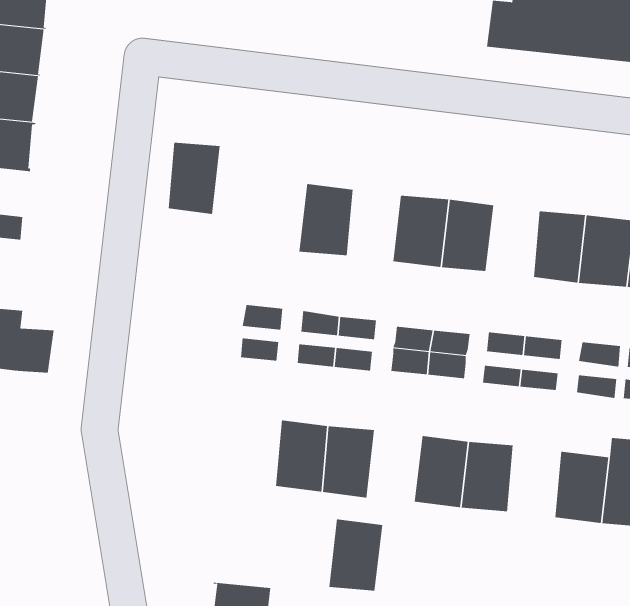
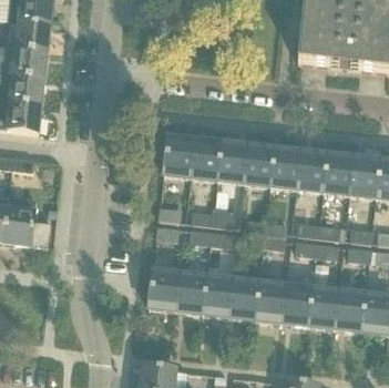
building: [168,142,221,214] -> [165,136,195,177]
building: none -> [218,142,248,183]
building: none -> [297,151,327,192]
building: none -> [150,269,181,310]
building: none -> [309,287,339,328]
building: [328,519,383,591] -> [229,278,260,319]

